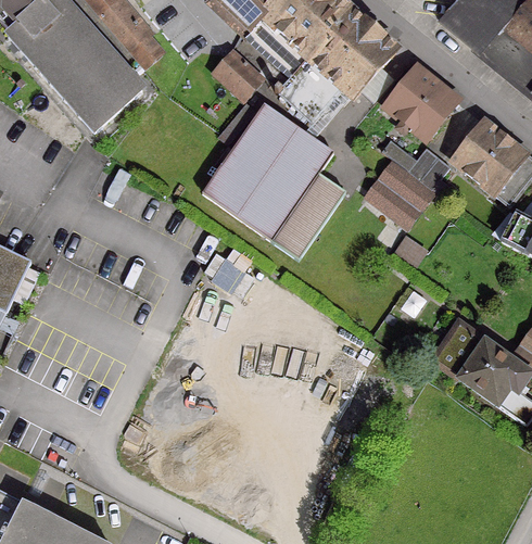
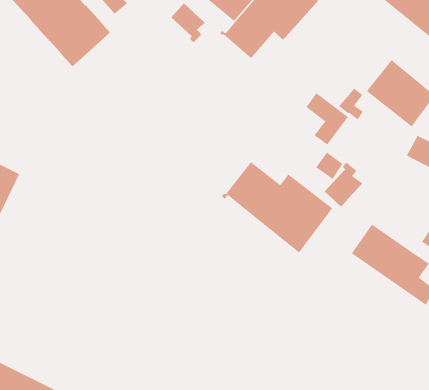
building: [385,67,457,138] -> none
building: [201,102,345,258] -> none
building: [381,138,439,178] -> none
building: none -> [221,161,333,254]
building: none -> [324,161,363,207]

